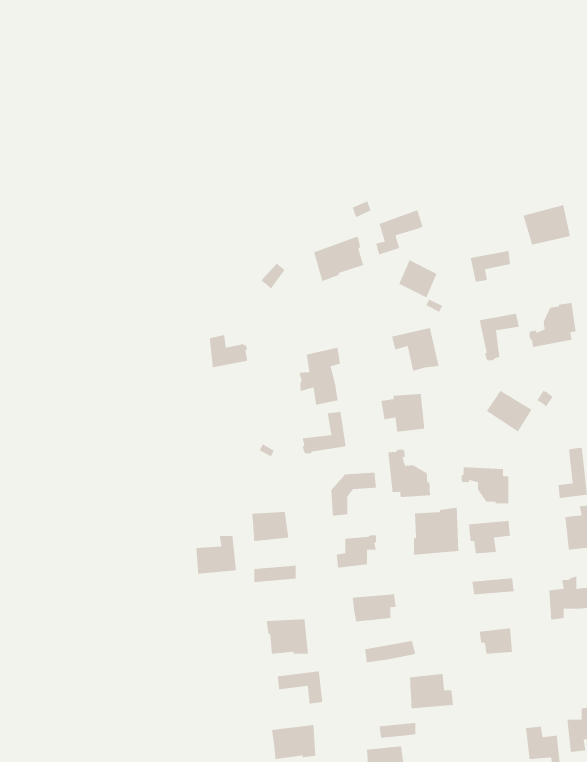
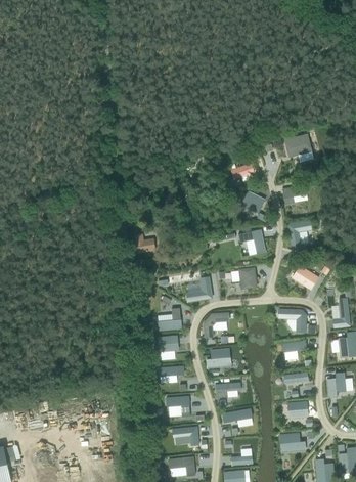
building: [523,204,571,245] -> [283,133,311,157]
building: [313,235,364,282] -> none
building: [528,302,576,348] -> none
building: [298,347,341,405] -> none
building: [388,449,431,498] -> none
building: [413,507,459,556] -> none
building: [196,535,237,574] -> [158,308,181,331]
building: [409,673,454,709] -> [279,432,305,452]

